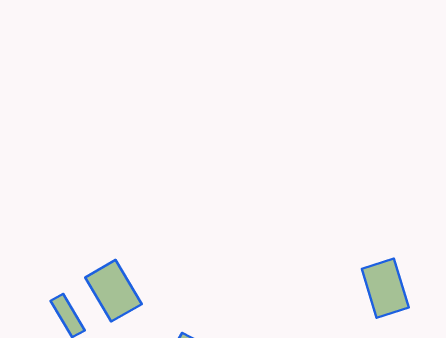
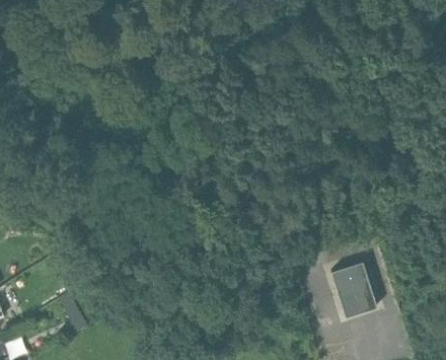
building: [85,260,142,321] -> none

